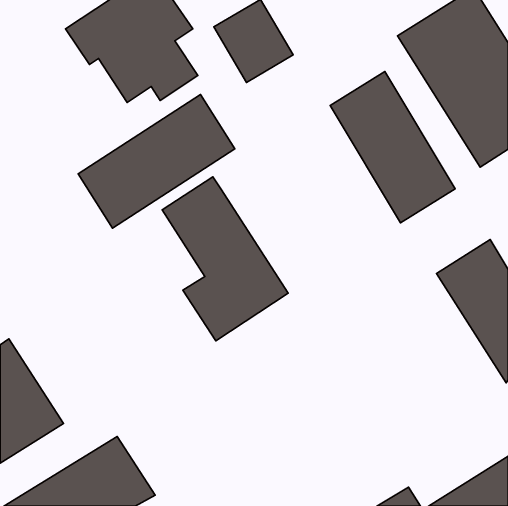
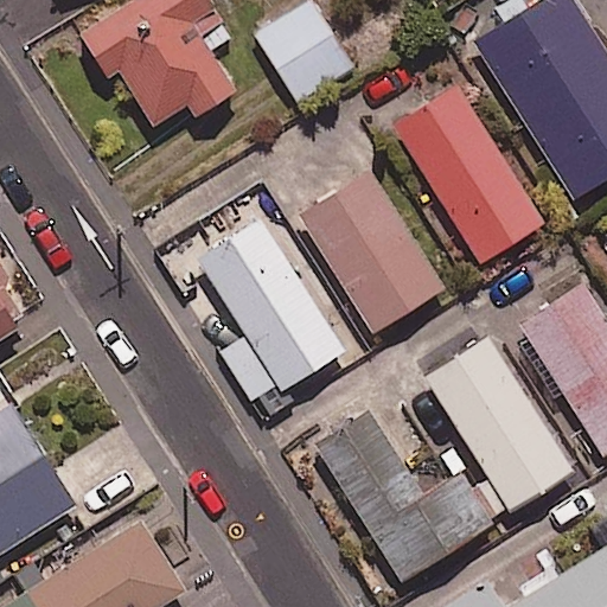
building: [78,95,235,228] -> none
building: none -> [299,170,443,333]
building: none -> [427,339,571,511]
building: none -> [314,413,494,583]

